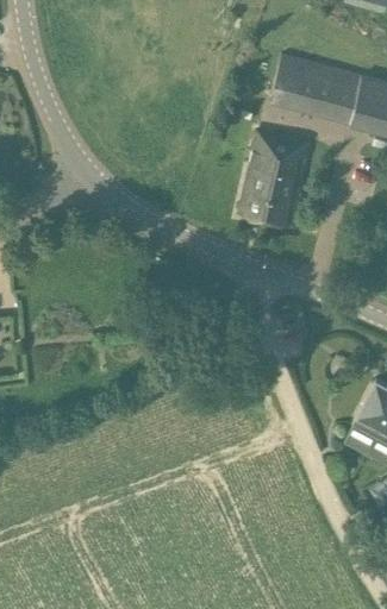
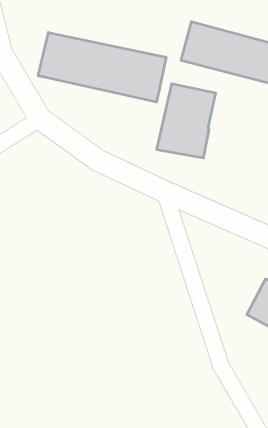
building: none -> [38,32,166,102]

